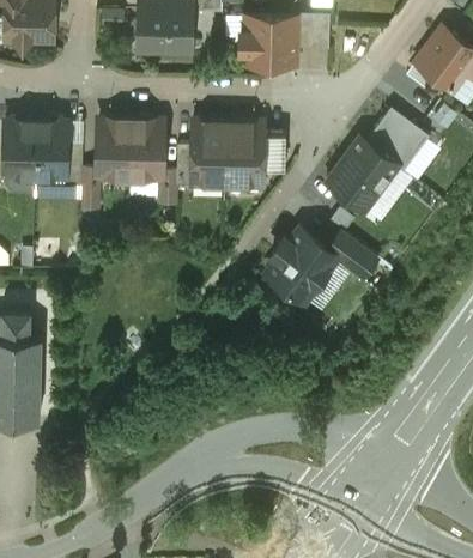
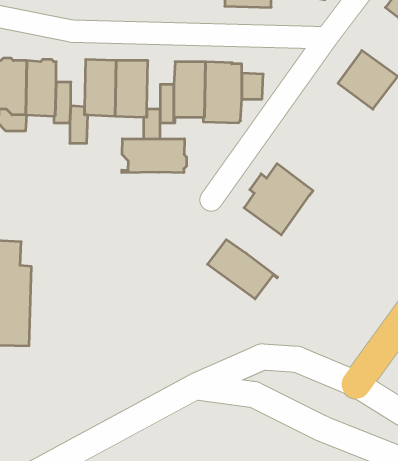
building: [326,139,398,212] -> none
building: none -> [122,139,187,173]
building: [329,232,377,280] -> none
building: none -> [207,240,278,299]

